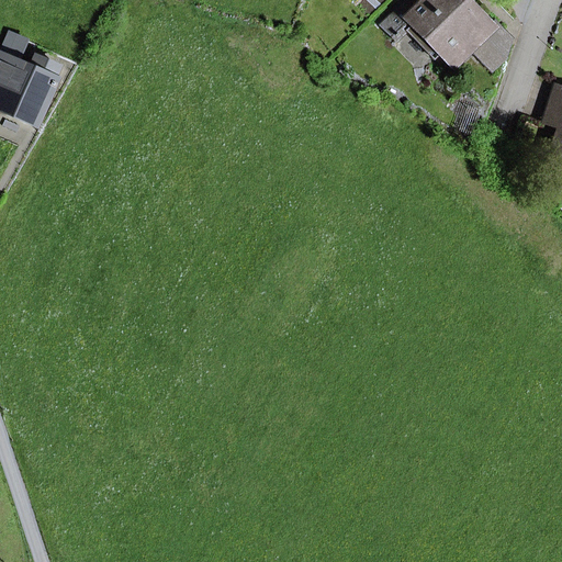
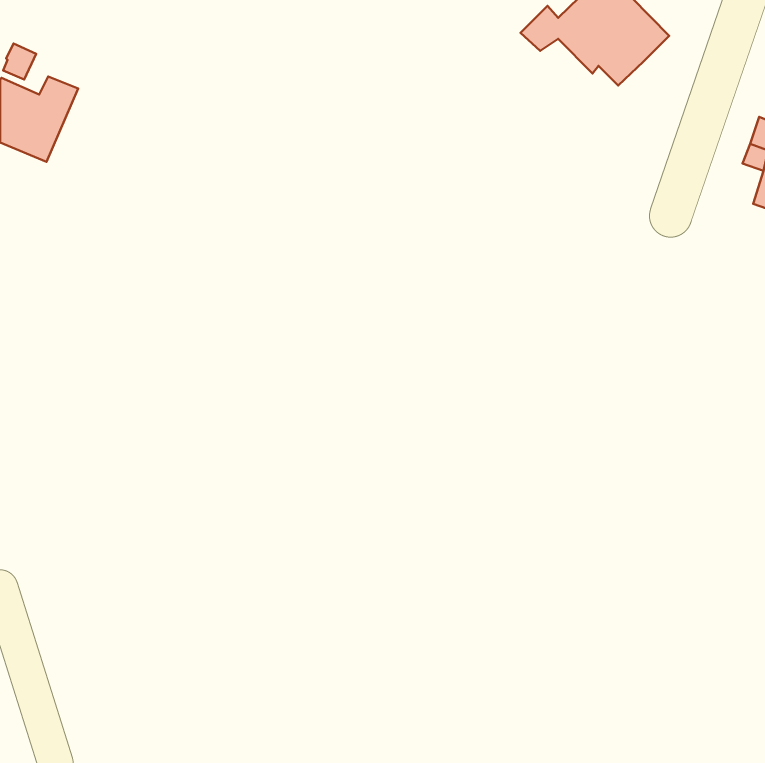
building: [472,22,512,68] -> none

